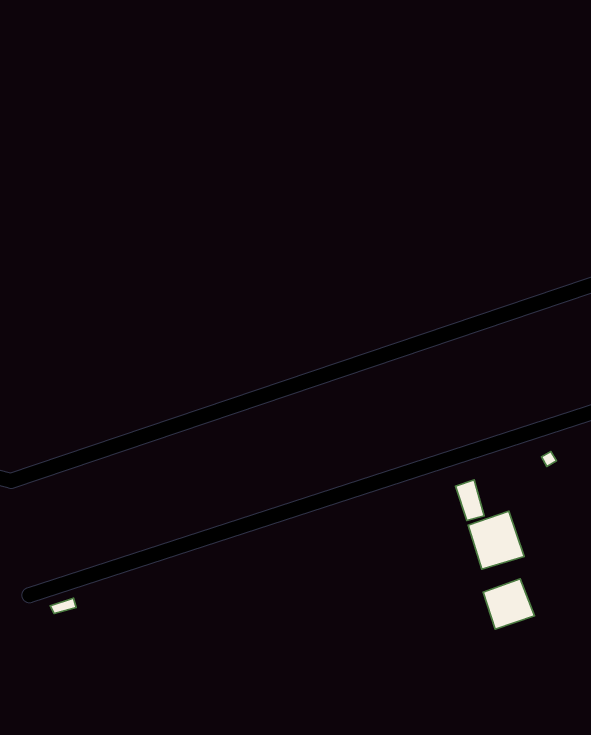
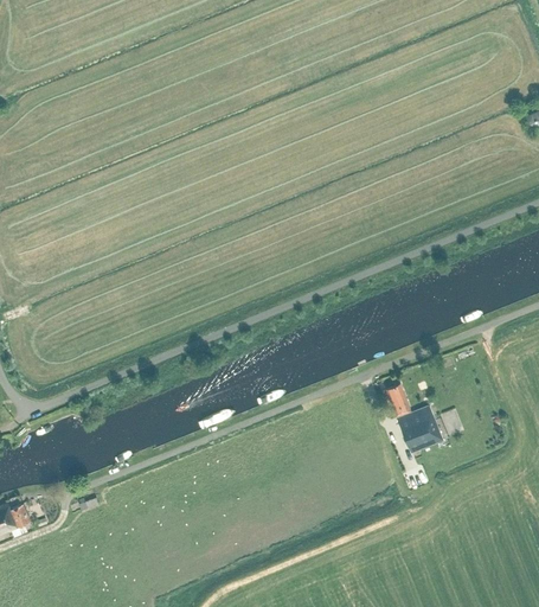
building: [483,579,534,629] -> none

